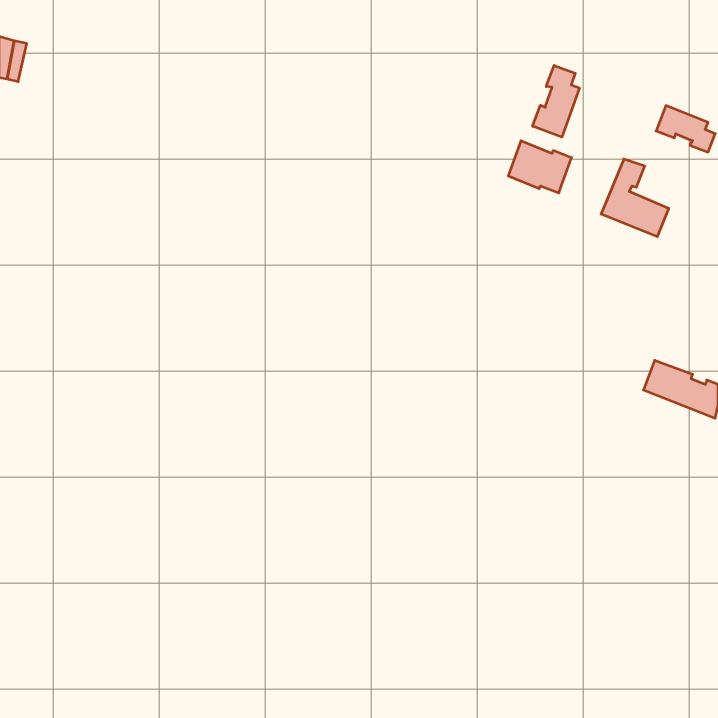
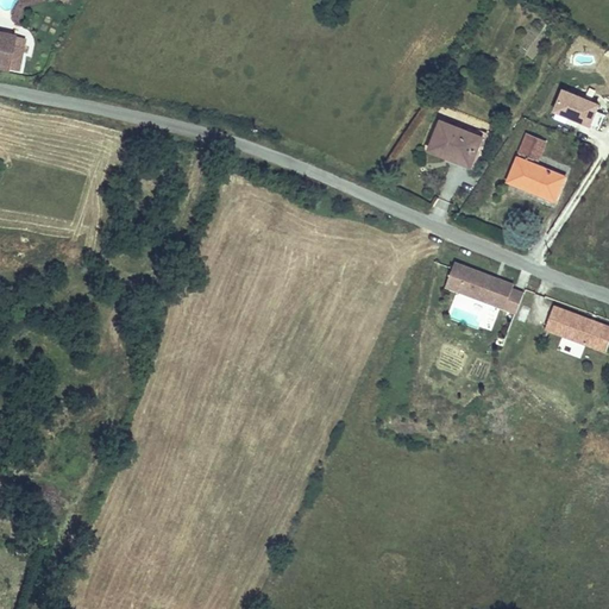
building: [533,65,579,137] -> none
building: none -> [445,264,523,315]

